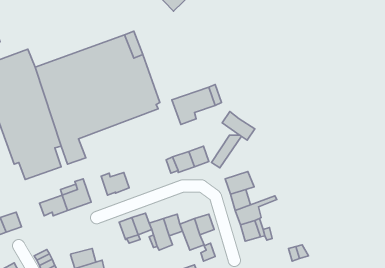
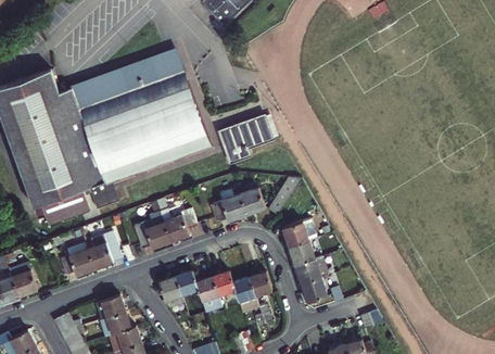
building: [222,112,255,140] -> none
building: none -> [163,208,196,238]
building: none -> [97,294,125,317]

